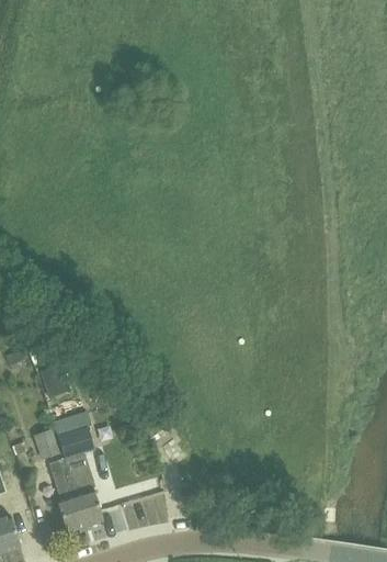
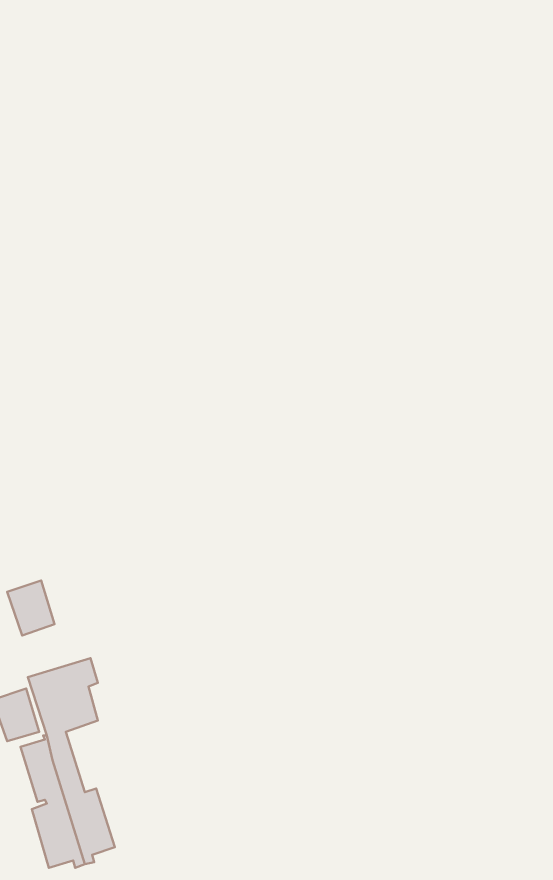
building: [104,492,172,535] -> none

